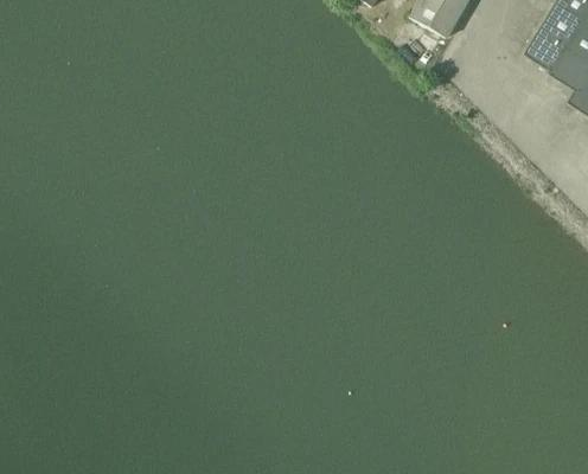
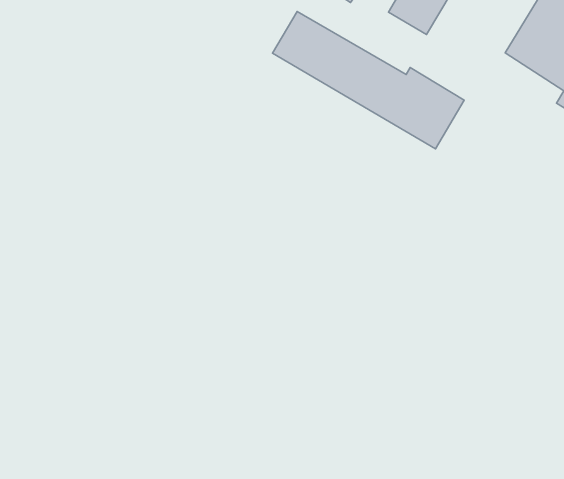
building: none -> [273,11,464,149]

